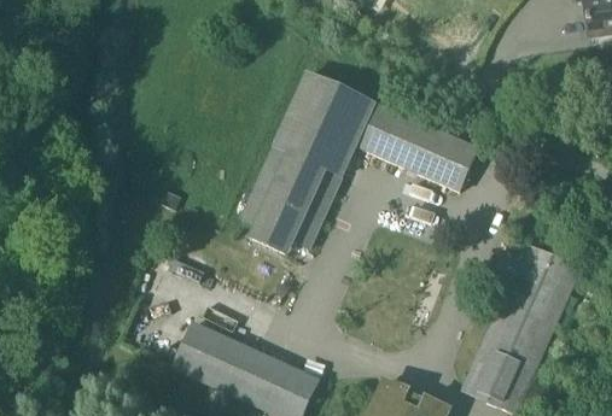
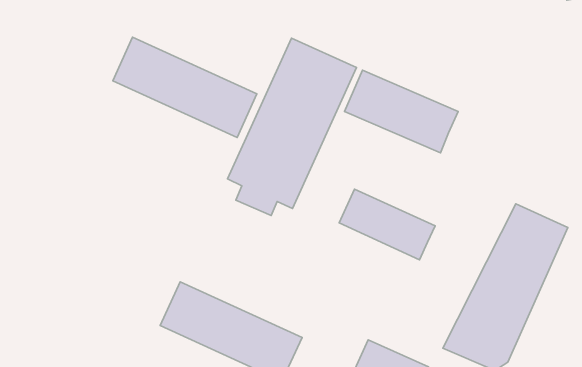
building: none -> [113,37,257,137]
building: none -> [339,189,435,260]

